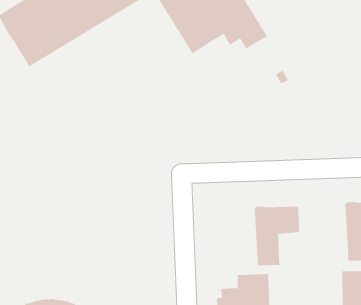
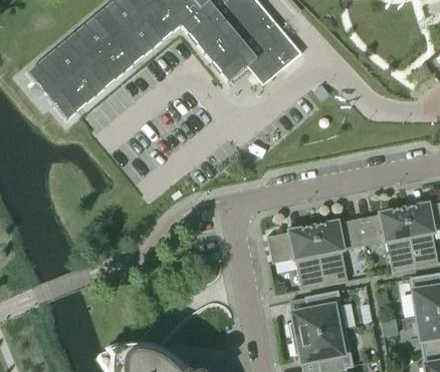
building: none -> [358,209,415,272]
building: none -> [266,227,324,290]

